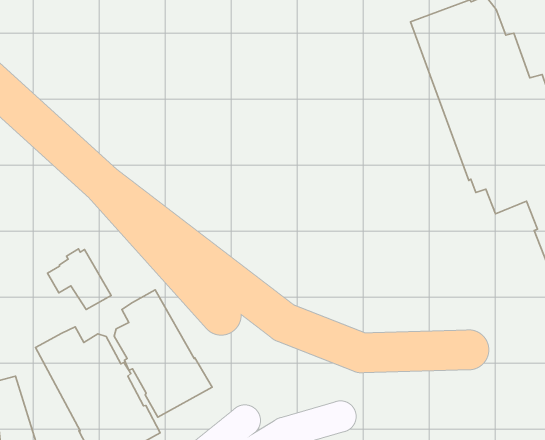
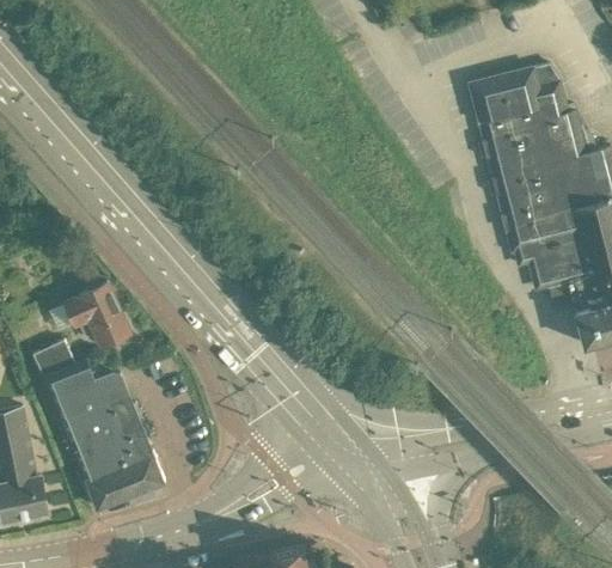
building: [114,290,212,417] -> none
building: none -> [38,343,76,380]

